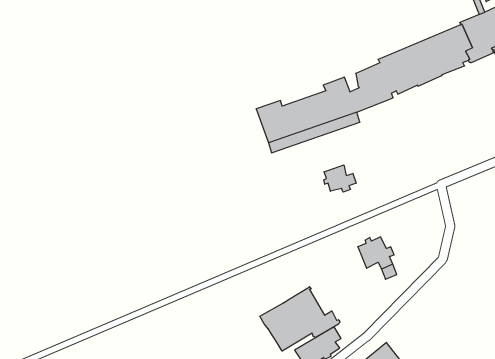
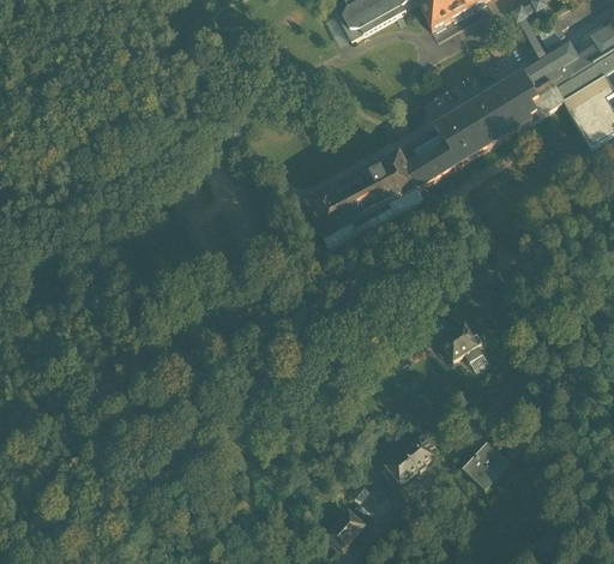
building: [324,165,356,192] -> none
building: [260,287,340,351] -> none

